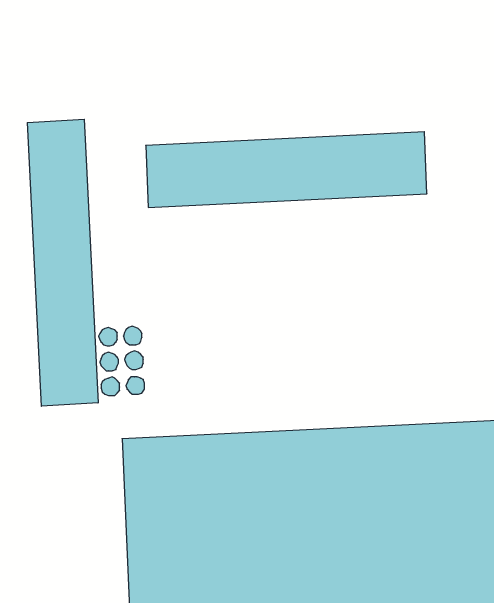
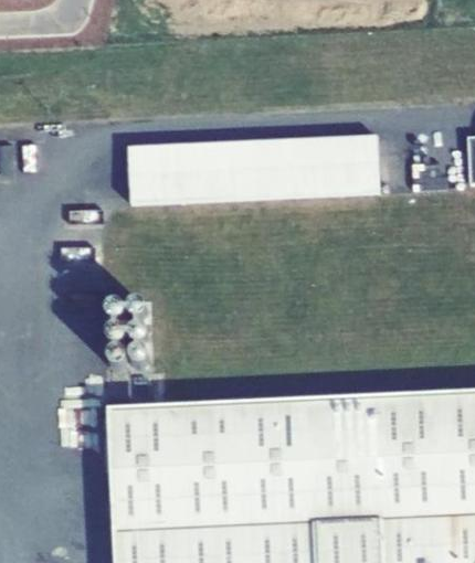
building: [27,119,98,406] -> none

